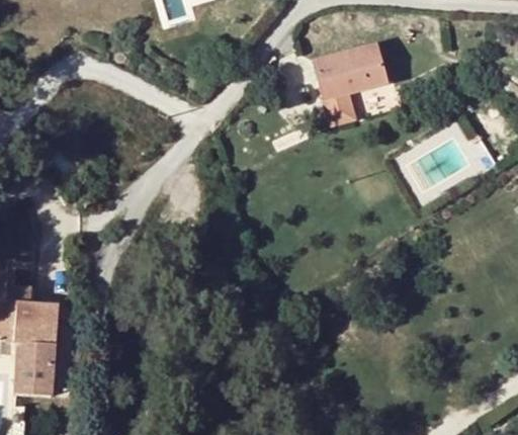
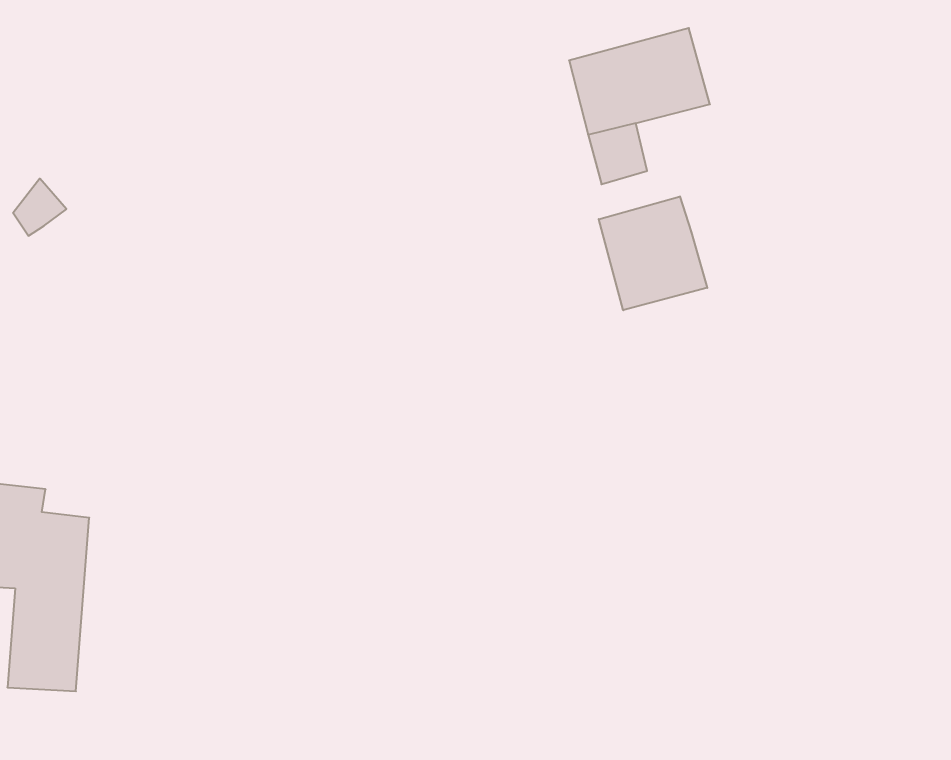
building: none -> [599,196,707,310]

